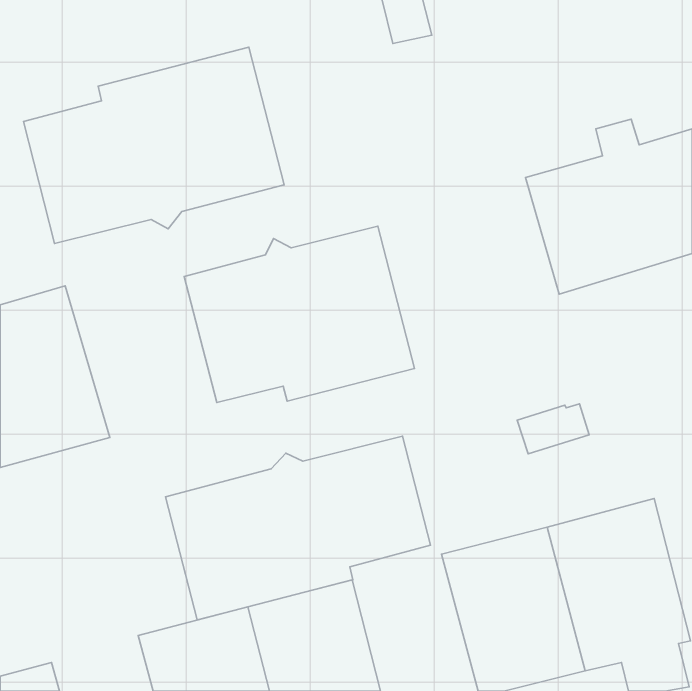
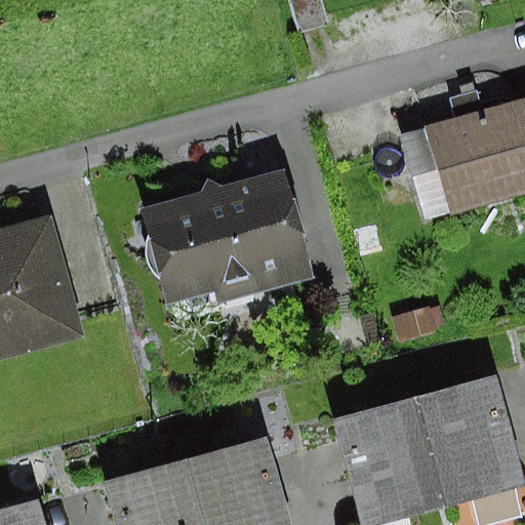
building: [23,47,284,243] -> none
building: [166,436,430,620] -> none

